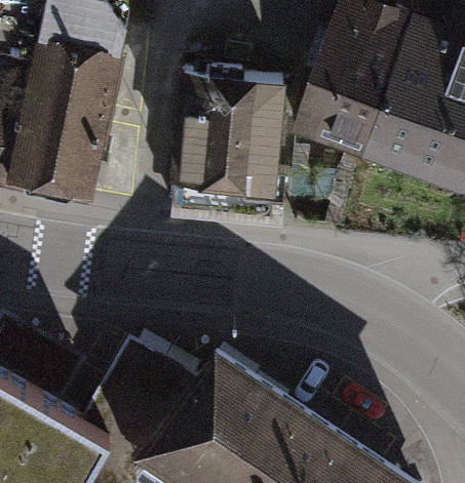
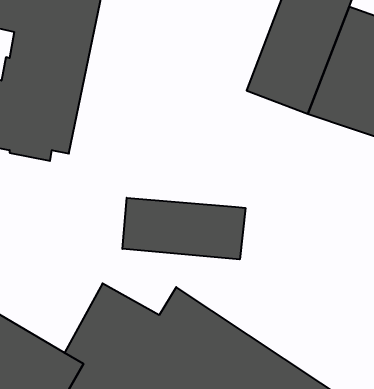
building: [173,68,284,216] -> none
building: none -> [122,198,245,259]

